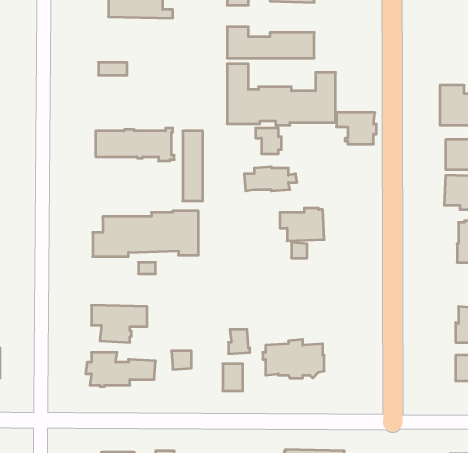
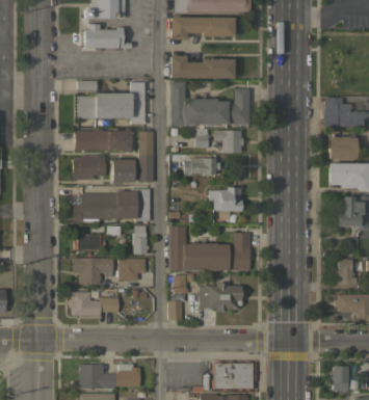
building: none -> [77,82,146,125]
building: [336,113,376,144] -> [214,130,243,153]
building: none -> [73,156,105,180]
building: none -> [111,160,134,184]
building: none -> [133,225,149,255]
building: none -> [168,225,249,271]
building: none -> [77,234,105,250]
building: none -> [115,259,146,281]

